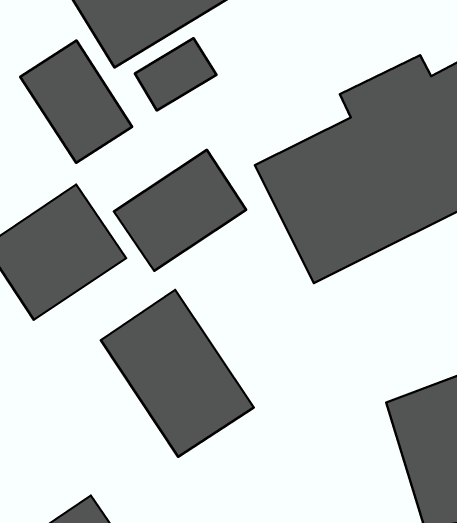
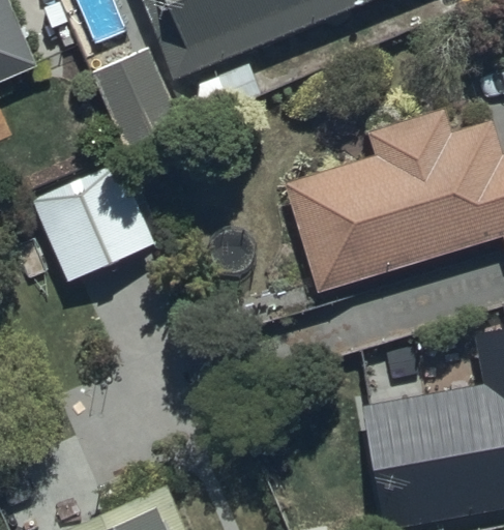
building: [114,150,246,271] -> none
building: [101,290,254,457] -> none

